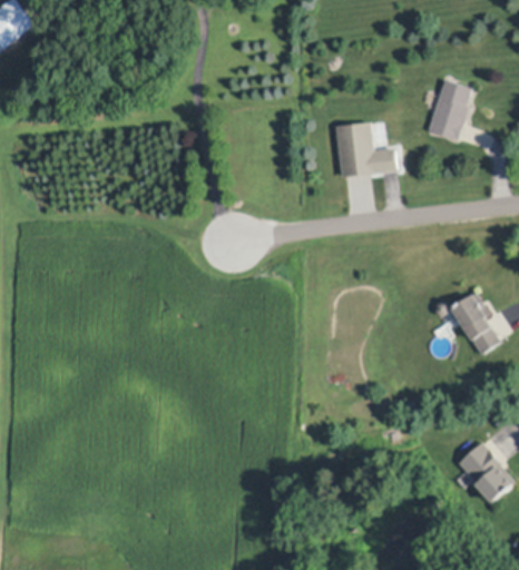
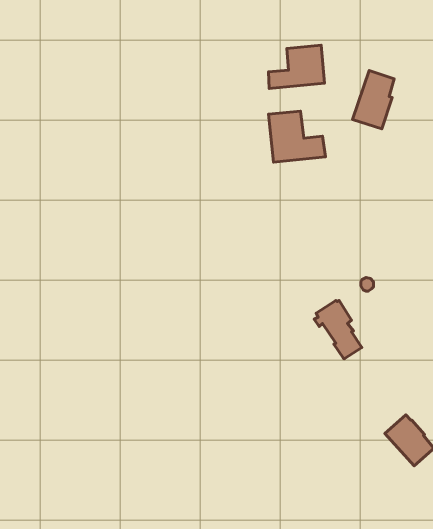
building: none -> [269,45,324,89]
building: [449,292,500,354] -> [314,301,362,359]

